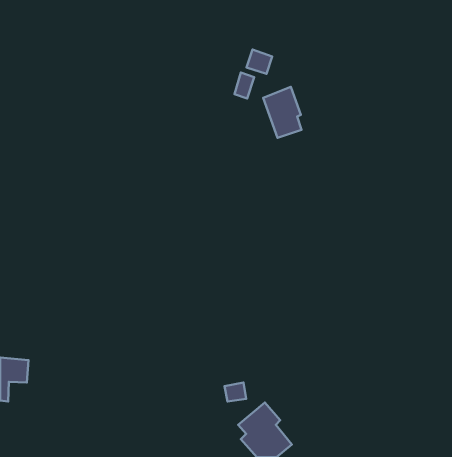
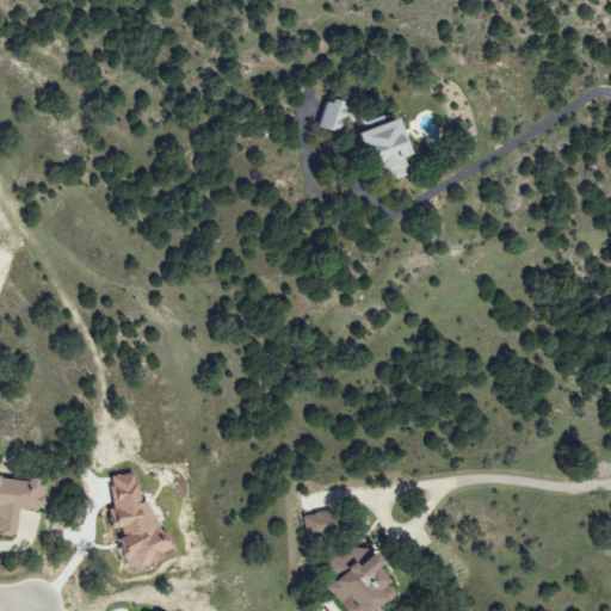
building: [246,49,272,74] -> none
building: none -> [111,473,171,567]

